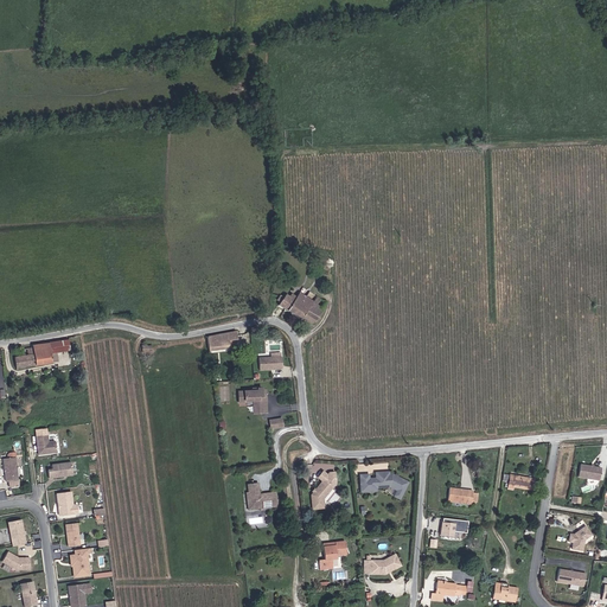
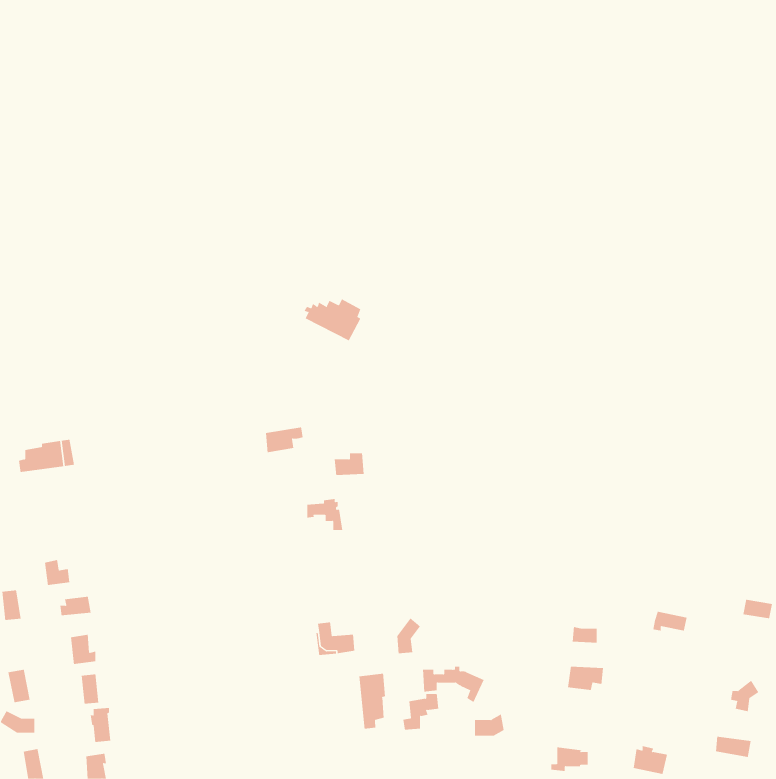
building: [279,290,324,324] -> [303,299,361,341]
building: [360,469,409,498] -> [422,666,485,703]
building: none -> [359,673,386,729]

